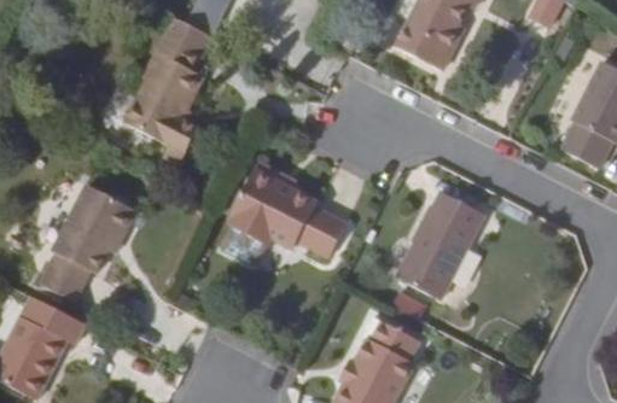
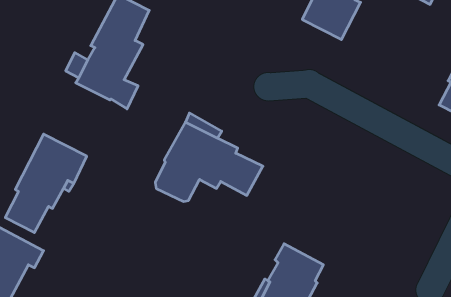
building: [397,191,485,299] -> none

